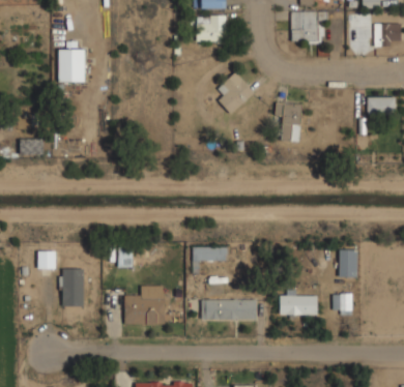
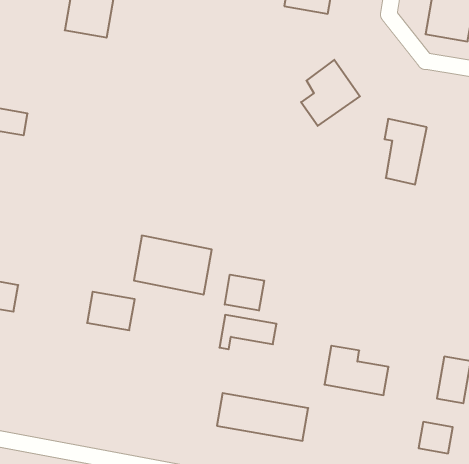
building: none -> [225,275,264,311]
building: [60,268,85,307] -> none
building: [280,290,319,316] -> [324,346,389,395]
building: [124,295,171,326] -> [134,236,212,295]

